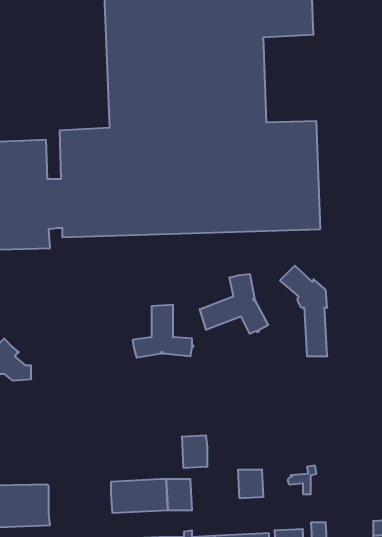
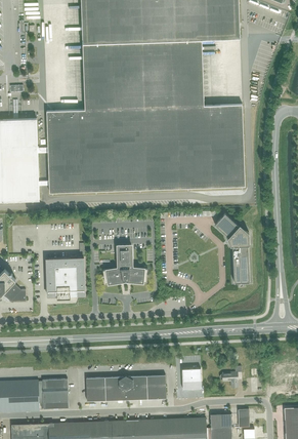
building: [200,274,268,334] -> none
building: none -> [46,257,84,298]
building: [182,435,208,468] -> [145,374,165,399]
building: none -> [38,377,68,408]

